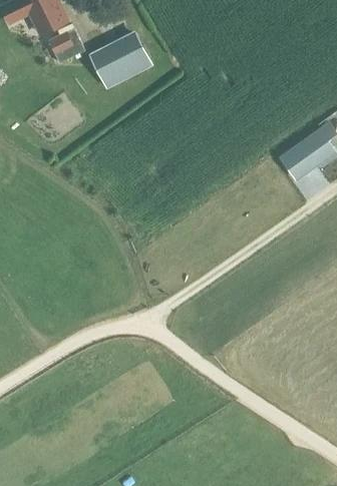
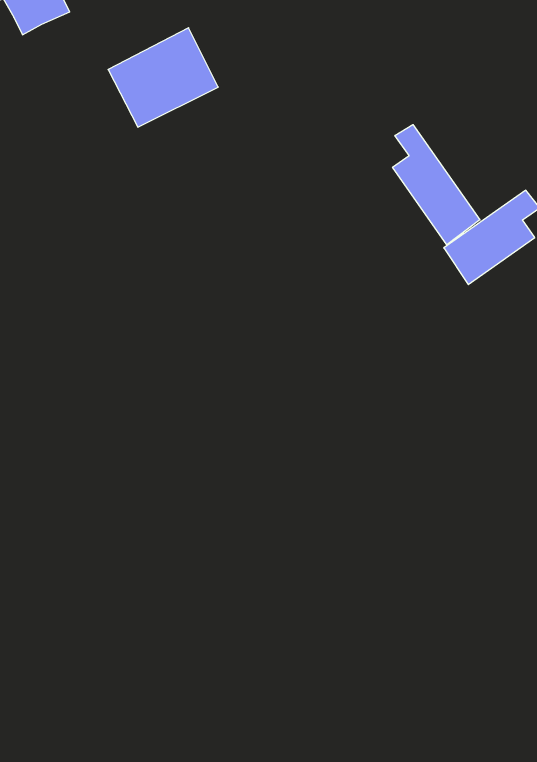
building: [47,22,83,61] -> none
building: none -> [393,125,480,245]

